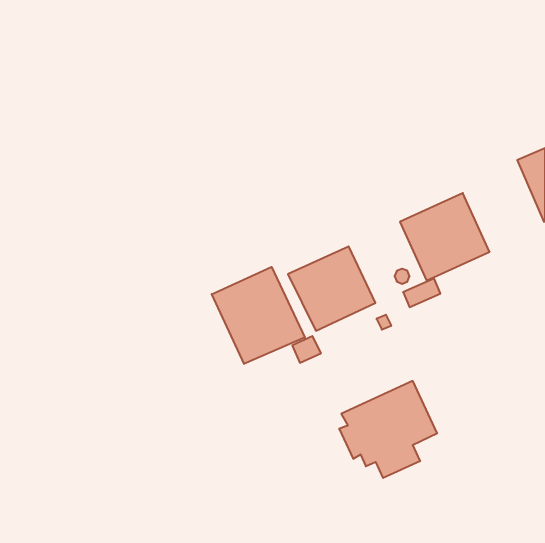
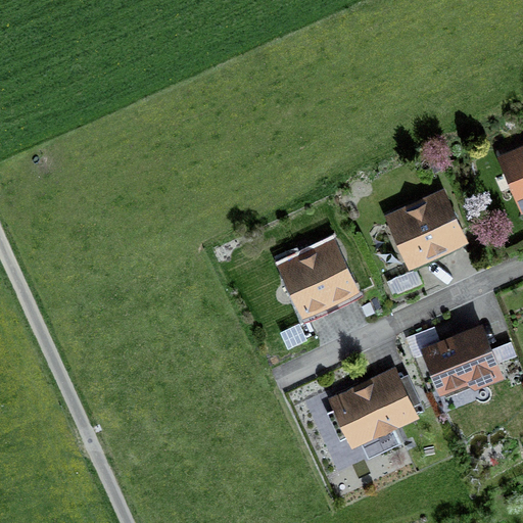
building: [212,267,305,364] -> none
building: none -> [405,323,516,400]

